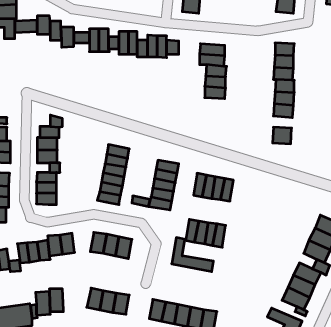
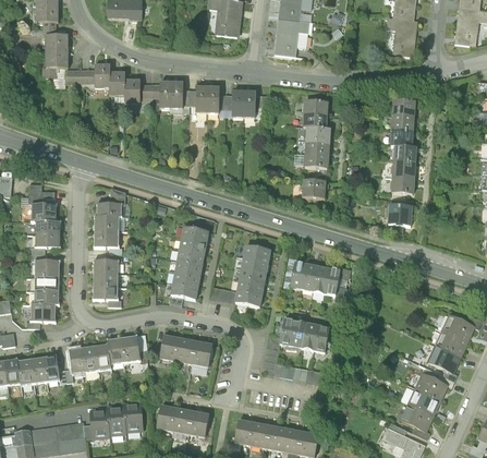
building: none -> [301,177,326,197]
building: none -> [123,401,143,431]

